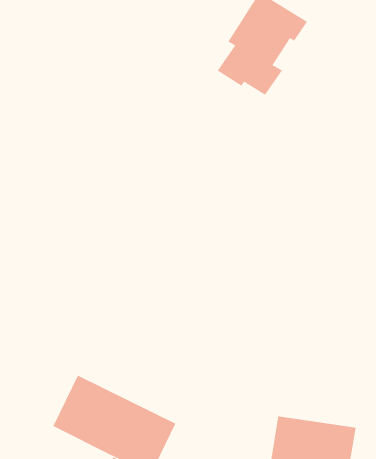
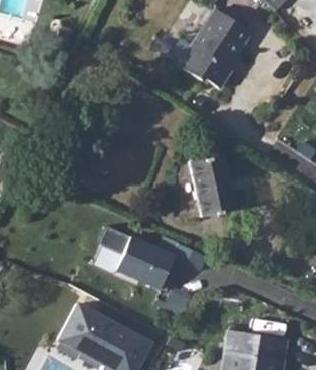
building: none -> [190,153,235,214]
building: none -> [97,225,205,292]

